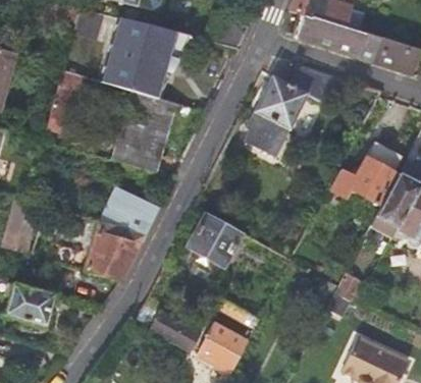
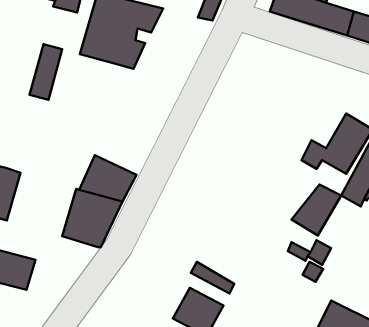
building: [255,66,340,161] -> none
building: [112,90,174,171] -> none
building: [189,212,242,264] -> none
building: none -> [292,184,341,235]
building: [134,303,202,350] -> none

